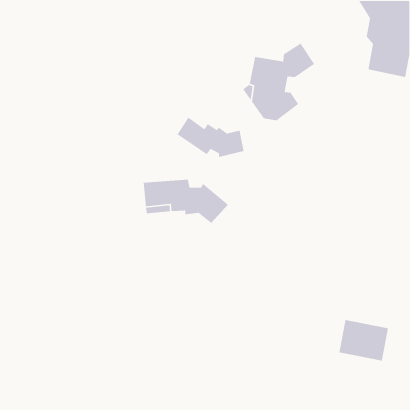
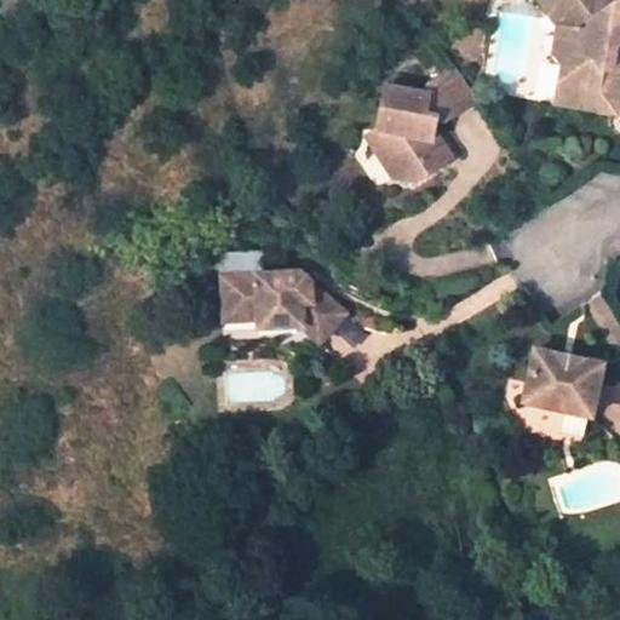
building: [176,117,244,158] -> none
building: [338,319,389,362] -> [524,360,601,424]

